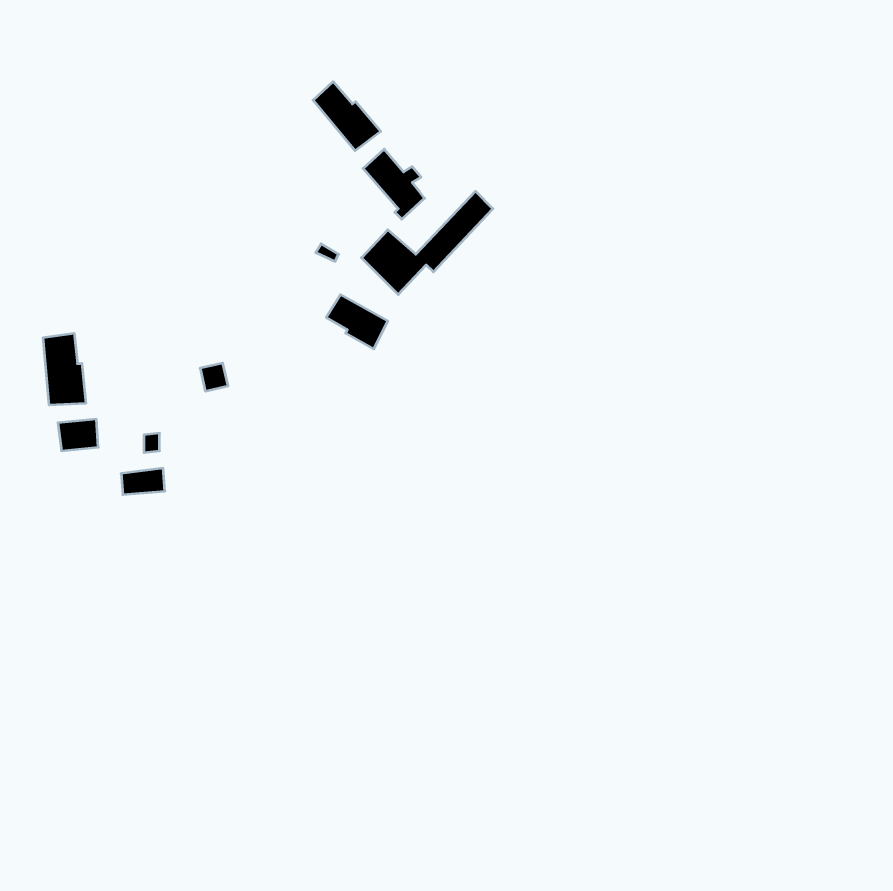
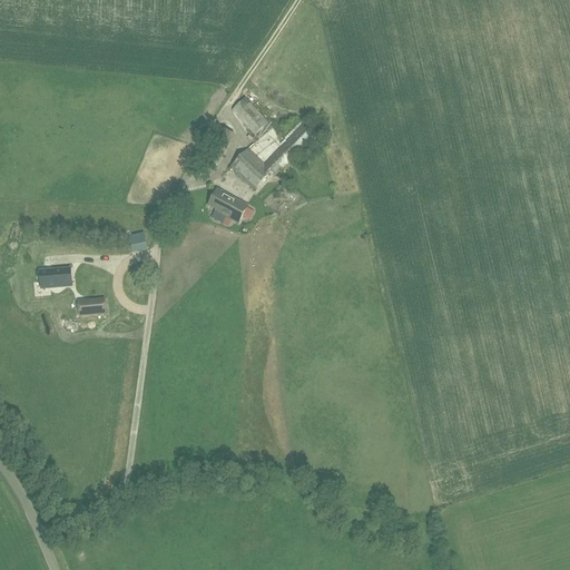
building: [313,82,381,151] -> none
building: [43,333,86,405] -> none

